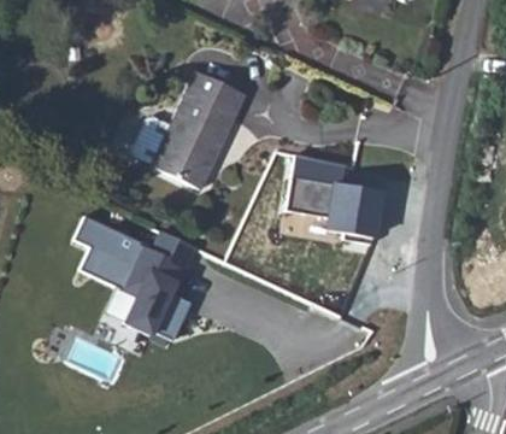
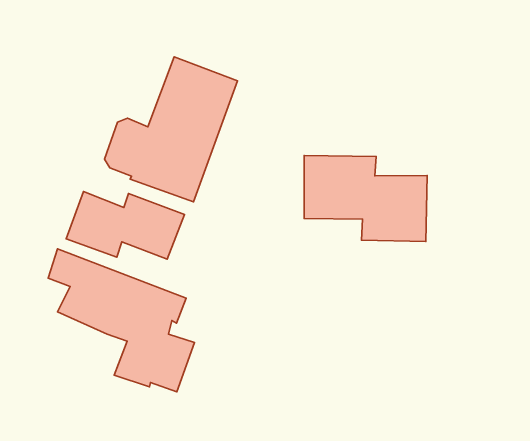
building: none -> [66,192,185,259]

